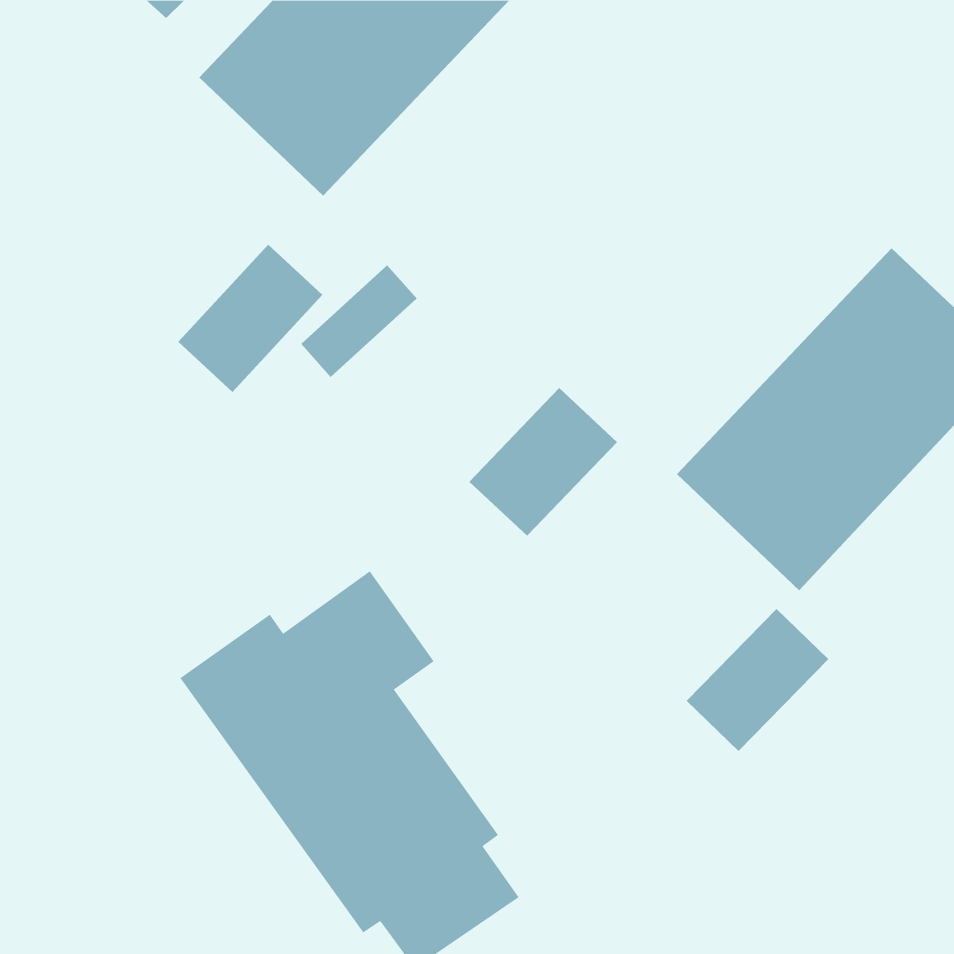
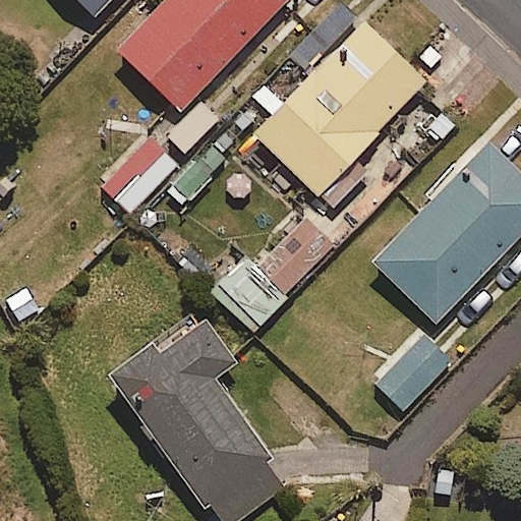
building: none -> [252,18,426,195]

